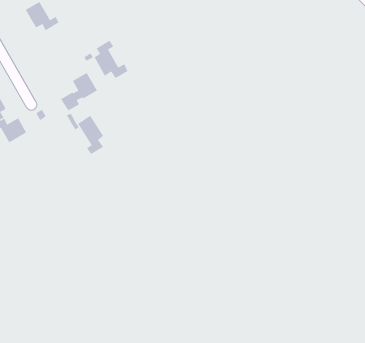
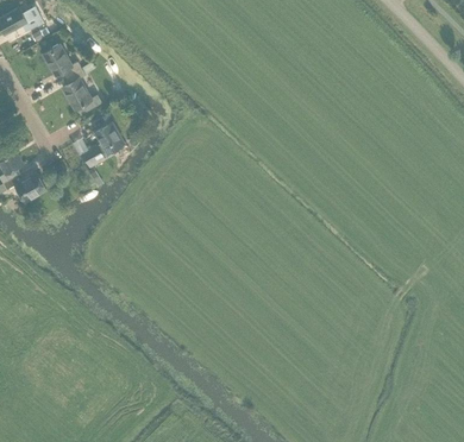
building: [94,40,128,79] -> [62,67,100,109]
building: [77,115,104,155] -> none

